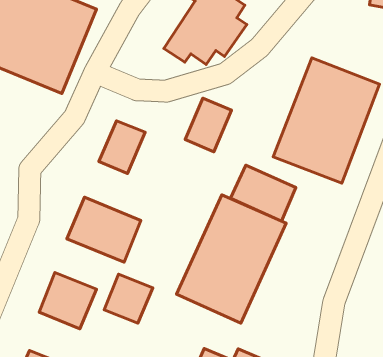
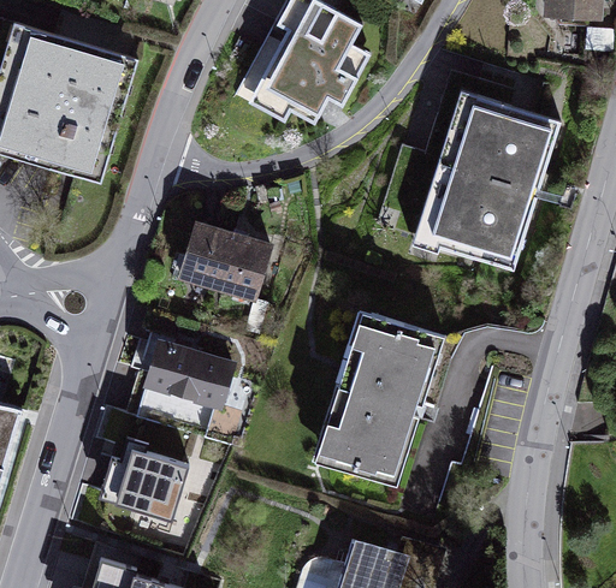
building: [185,98,231,152] -> [211,228,273,304]
building: [231,165,296,221] -> none
building: [104,274,153,323] -> none

